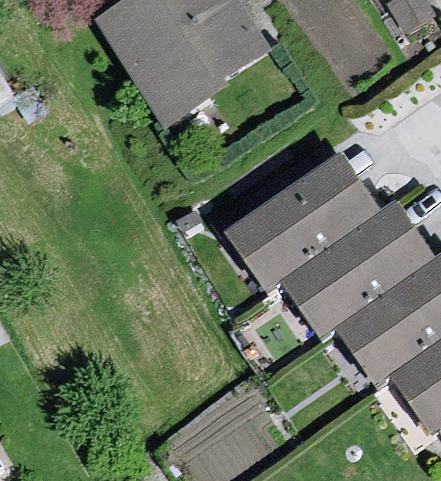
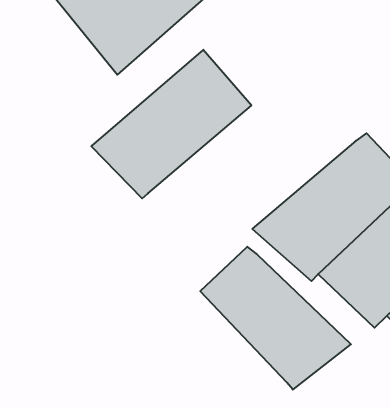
building: [224,156,381,291] -> [91,50,251,198]
building: none -> [200,247,351,390]

